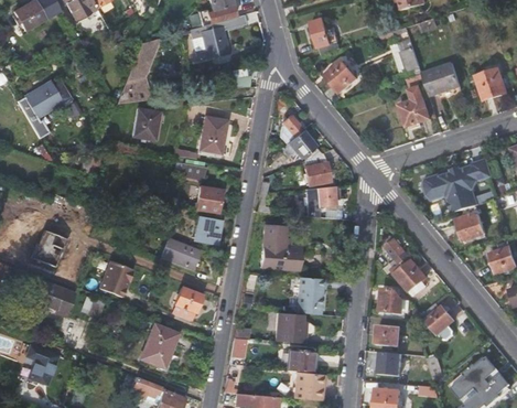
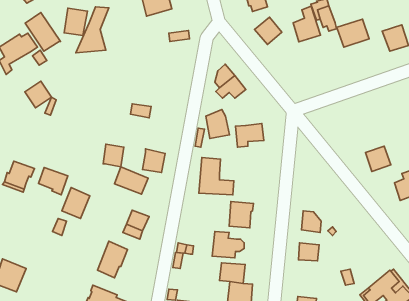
building: none -> [25,13,60,51]
building: [399,85,431,127] -> [293,6,320,42]
building: [132,107,160,139] -> [64,8,88,36]
building: [200,115,227,153] -> none
building: none -> [25,81,51,108]
building: [303,152,331,186] -> [206,110,229,139]
building: [423,158,493,213] -> none
building: [196,185,220,212] -> [103,144,124,167]
building: [385,238,427,292] -> none
building: [39,282,73,314] -> [39,167,68,195]
building: [422,302,454,340] -> none
building: [377,352,401,375] -> none

